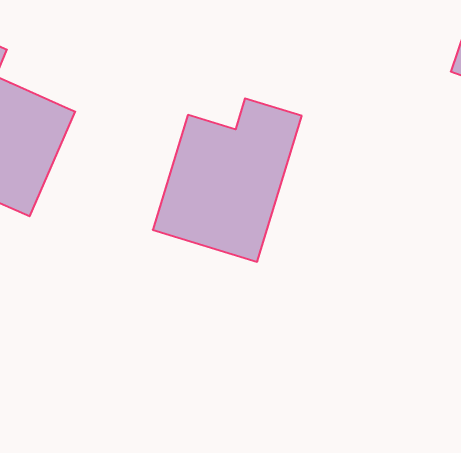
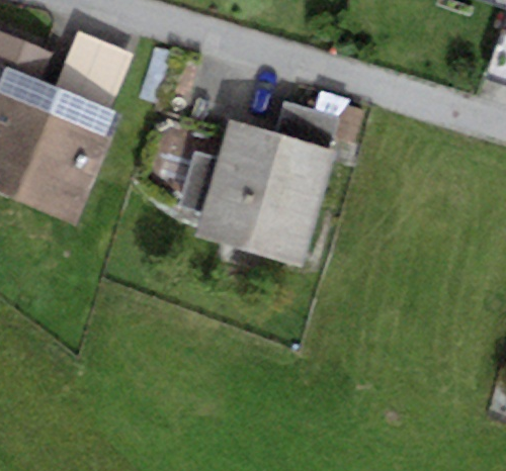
building: none -> [53,31,134,112]

